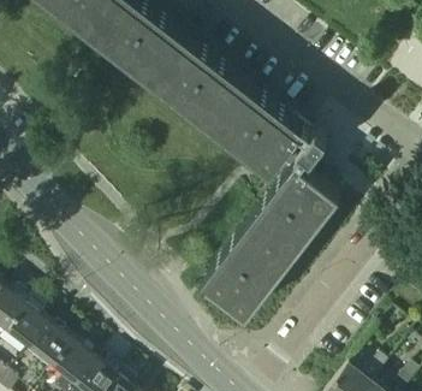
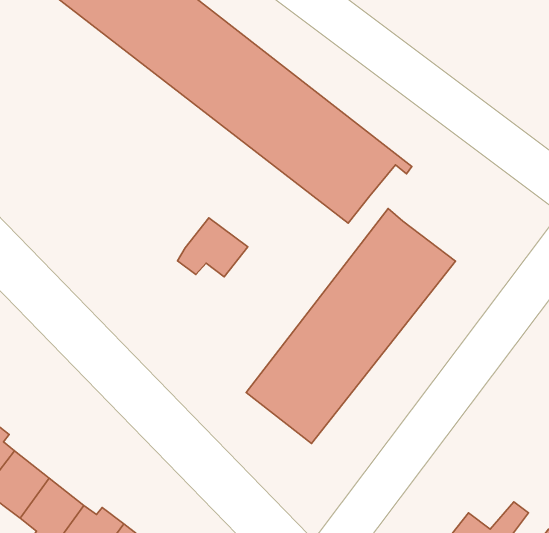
building: [283,126,326,170] -> none
building: none -> [178,218,248,277]

